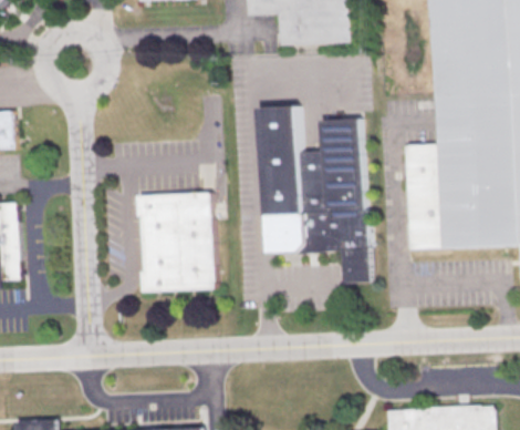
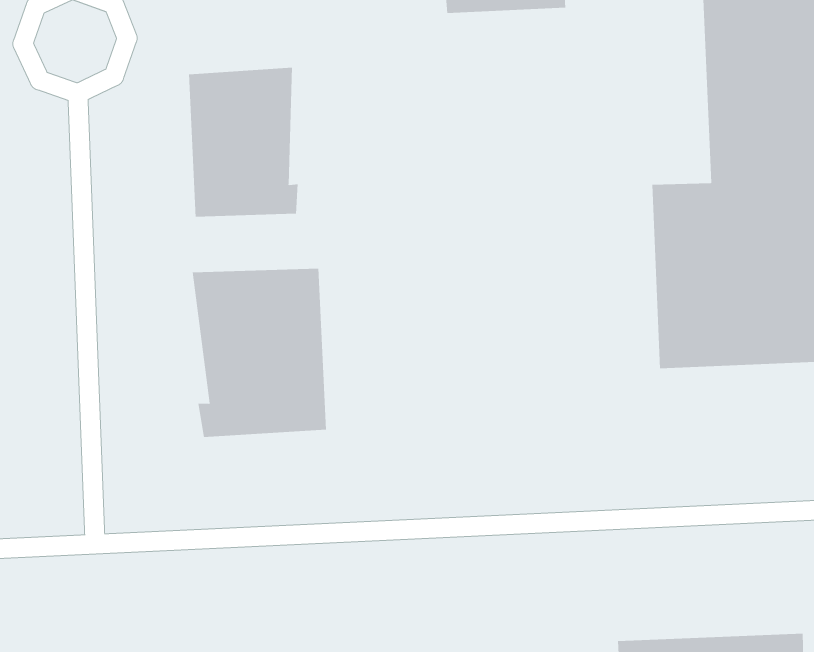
building: none -> [189,67,298,217]
building: [259,105,373,281] -> none

